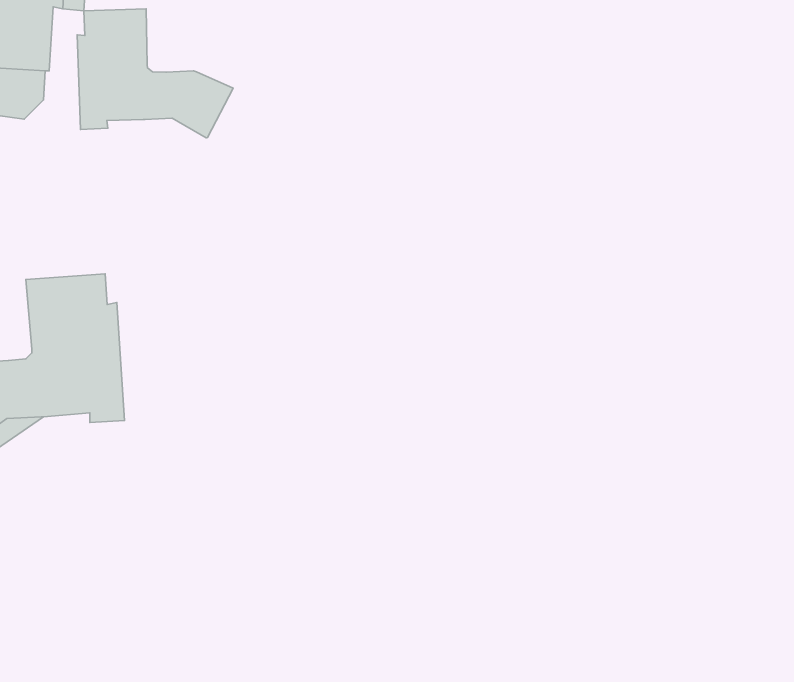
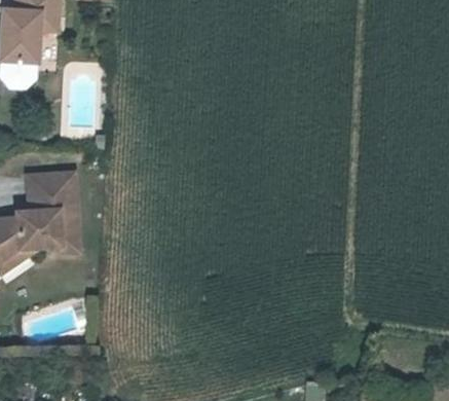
building: [77,9,233,138] -> none

